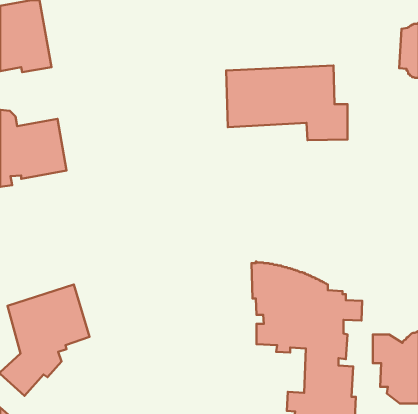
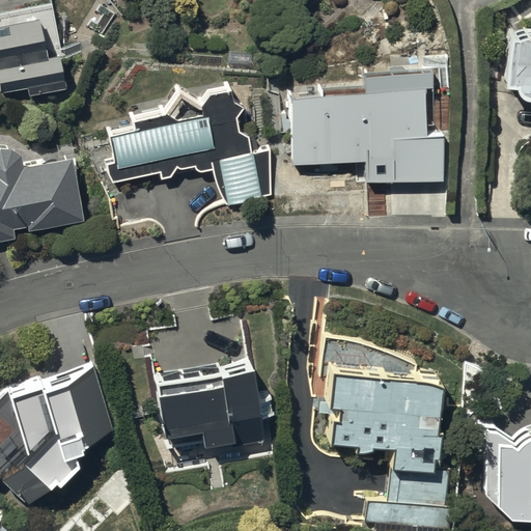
building: none -> [107,87,272,209]
building: none -> [158,362,270,448]

